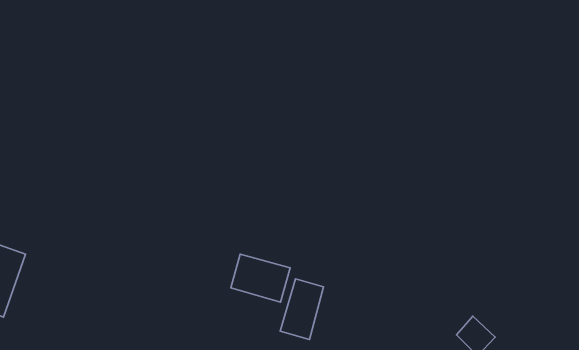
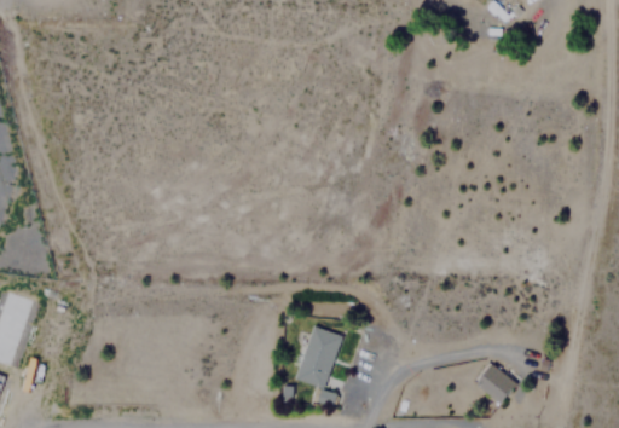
building: [231,254,290,302] -> none

